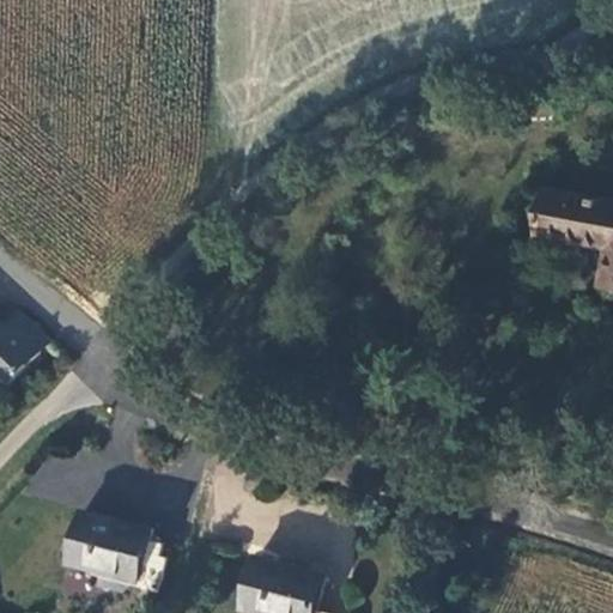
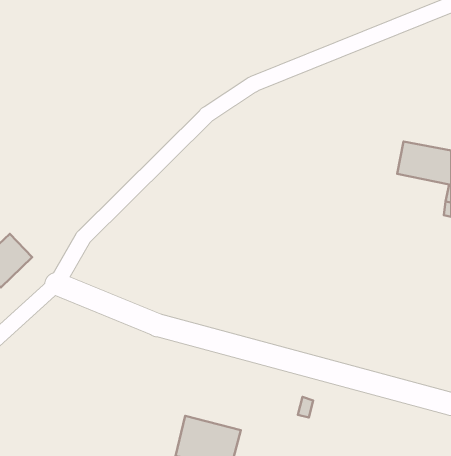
building: [63,515,159,584] -> none

